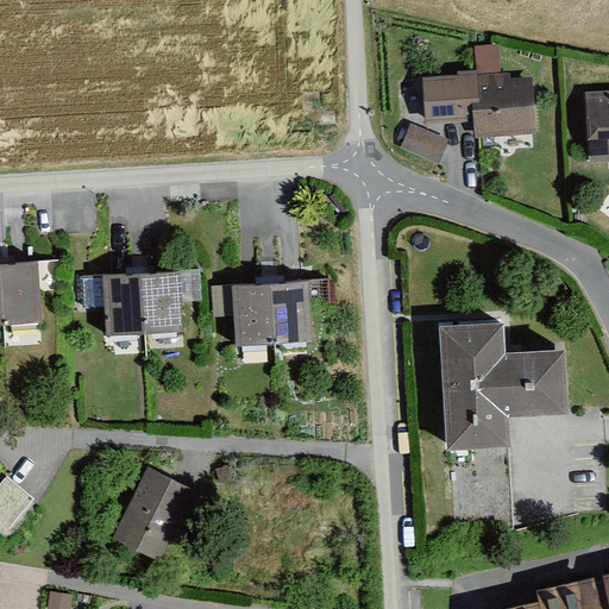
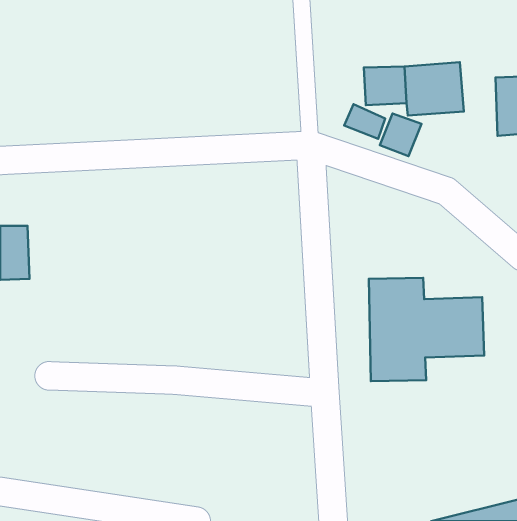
building: none -> [380,113,422,156]
building: [103,271,177,334] -> none
building: [228,277,307,350] -> none
building: [114,464,203,569] -> none

